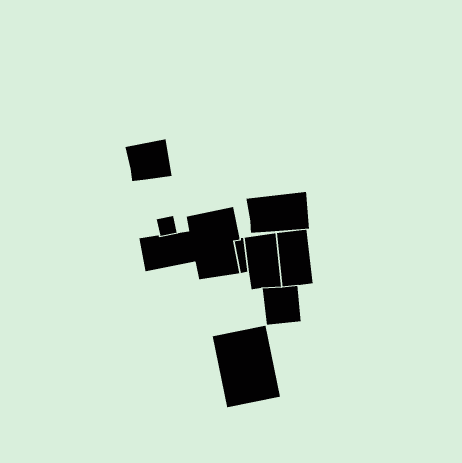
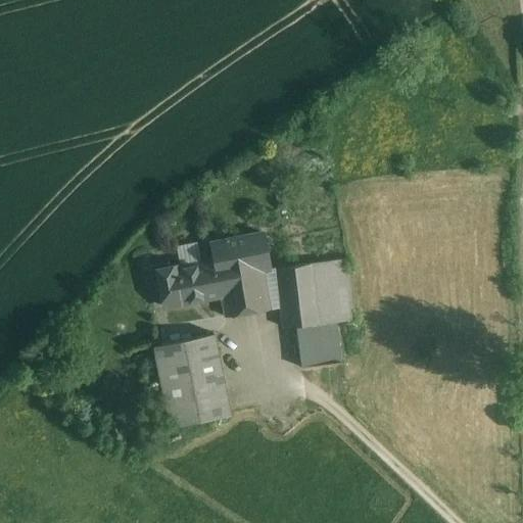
building: [125,139,172,182] -> none
building: [246,191,309,234] -> none
building: [212,325,281,408] -> [153,333,231,426]

